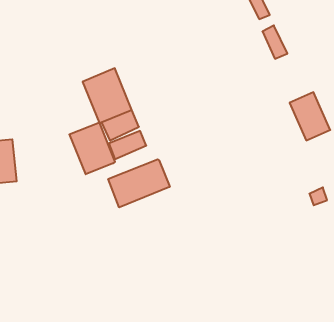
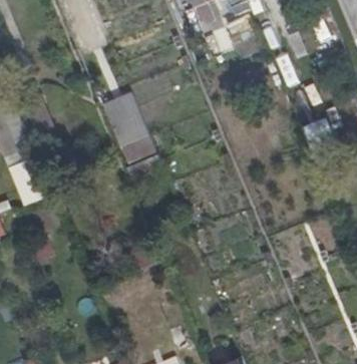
building: [69,123,115,174] -> none
building: [108,159,170,207] -> none

